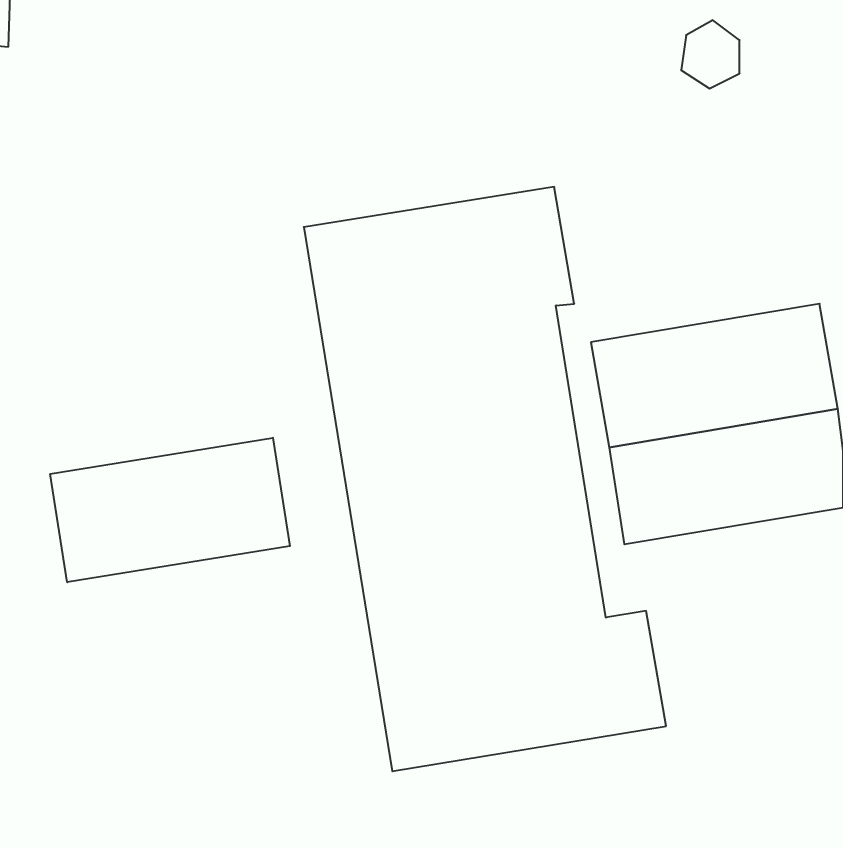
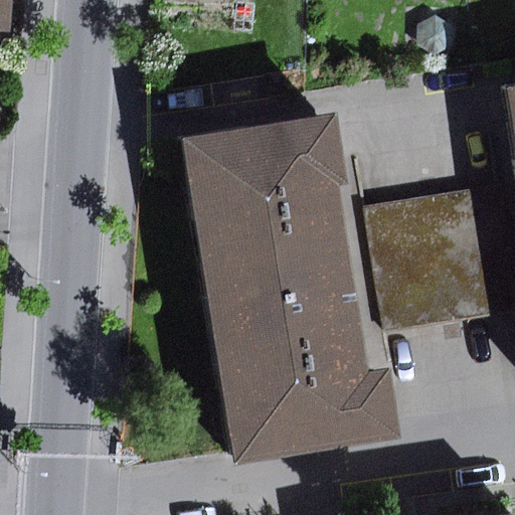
building: [50,438,290,582] -> none

